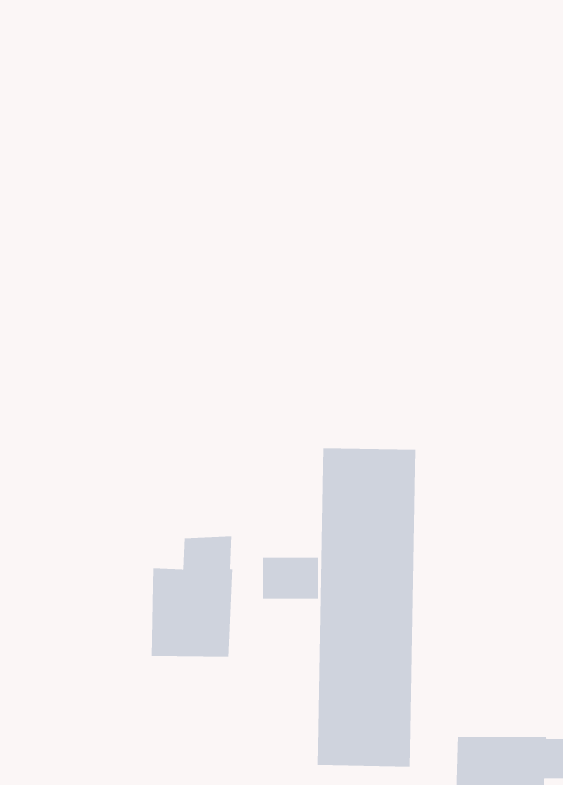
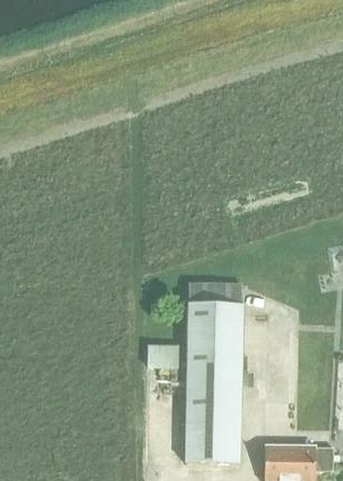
building: [151,536,233,657] -> none

